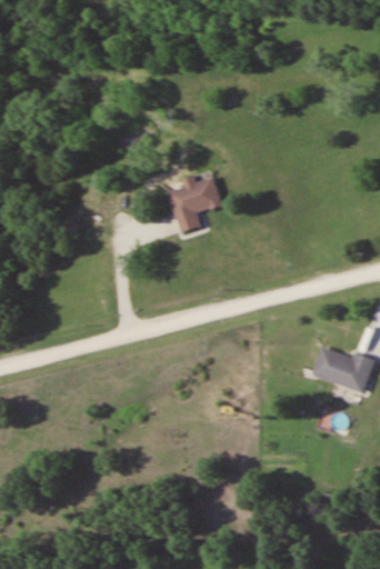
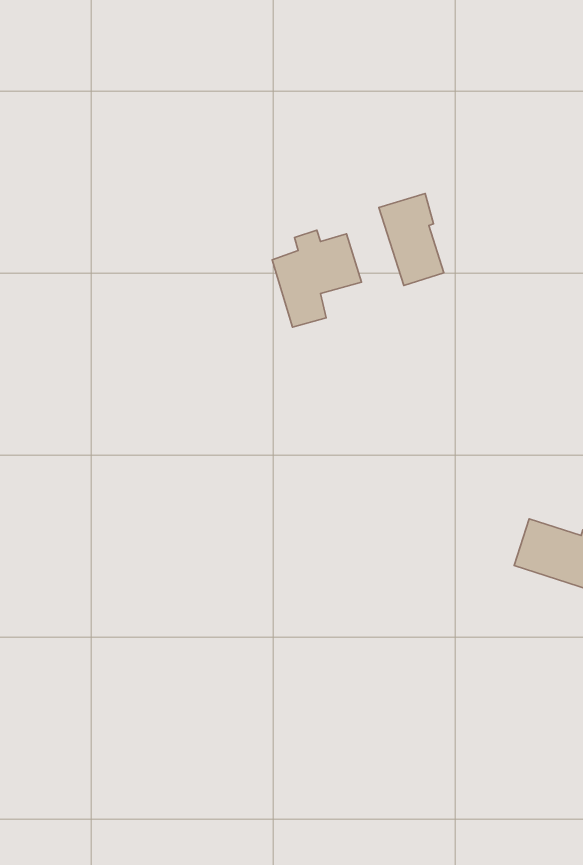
building: none -> [379,193,444,286]

